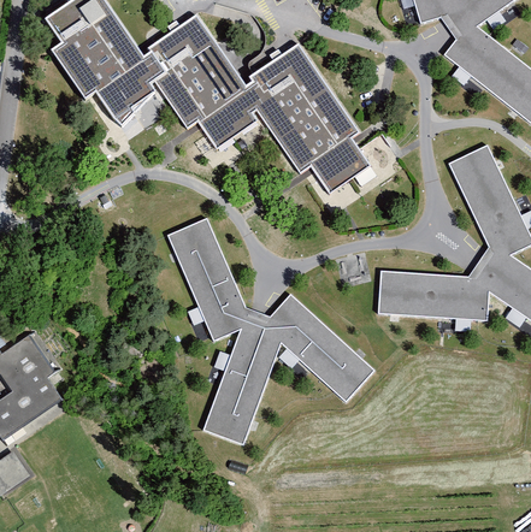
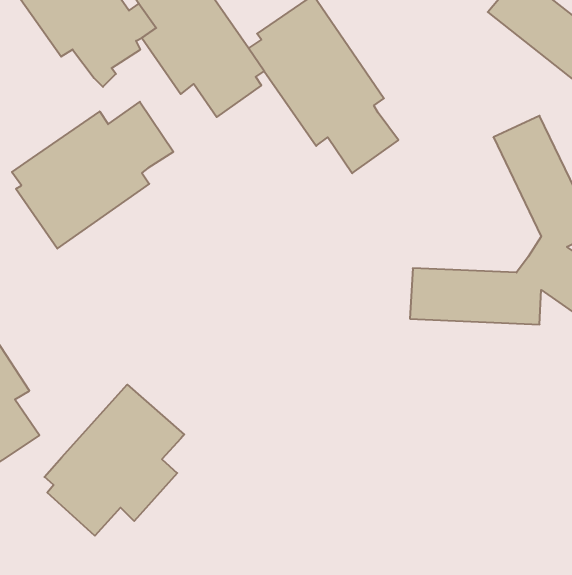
building: none -> [12,102,173,249]
building: [166,219,372,443] -> none
building: none -> [44,385,184,536]

